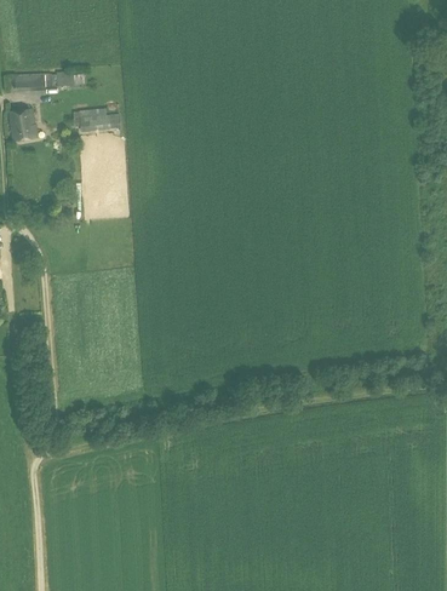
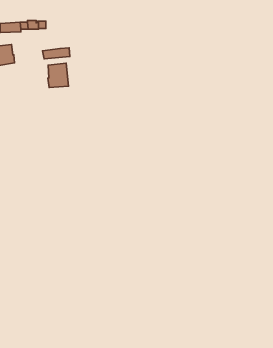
building: none -> [48,63,68,88]

